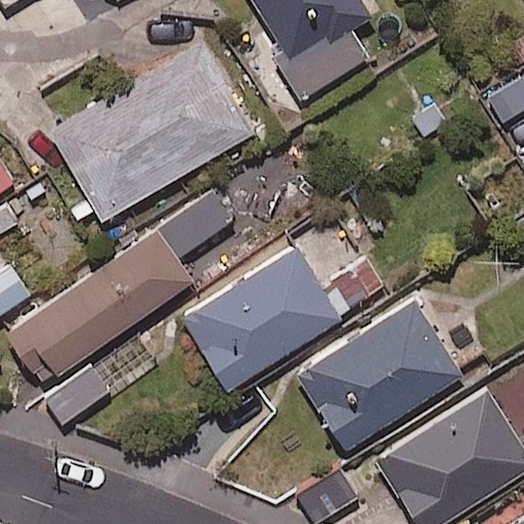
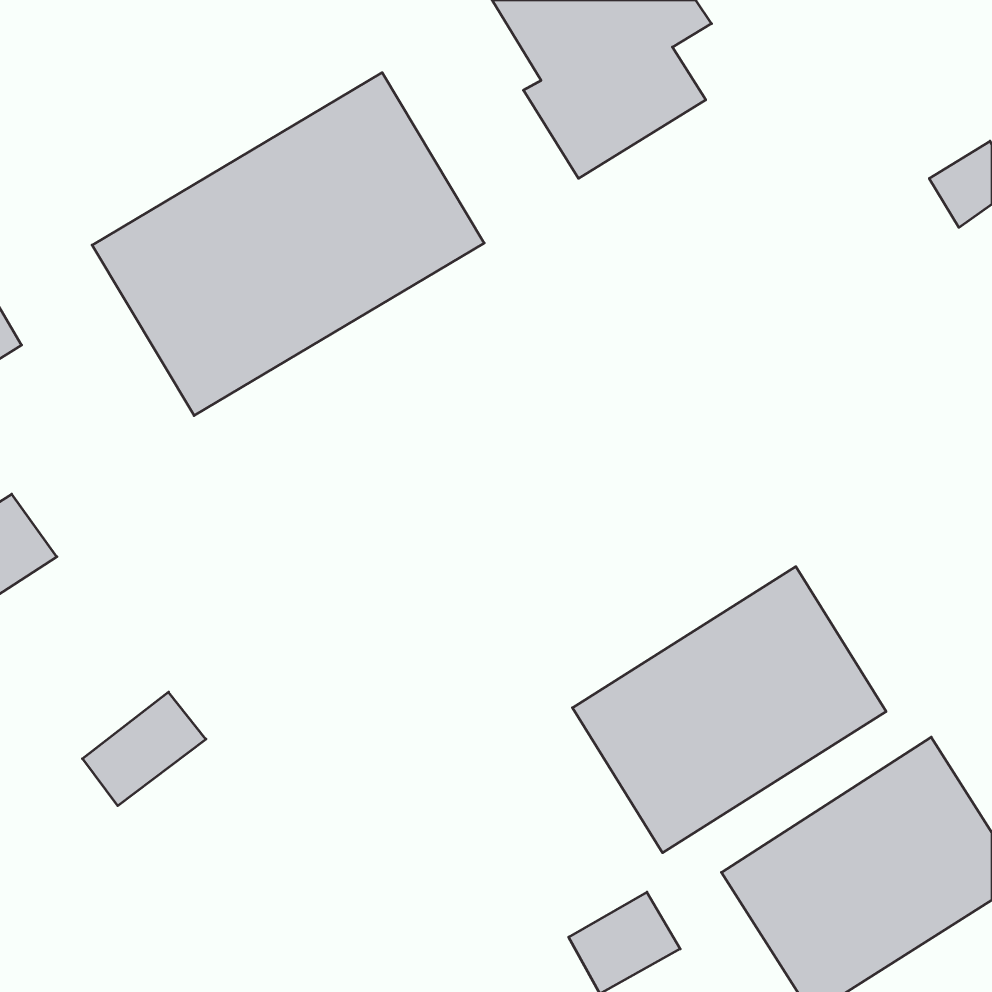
building: [8,191,230,386] -> none
building: [181,247,384,391] -> none

